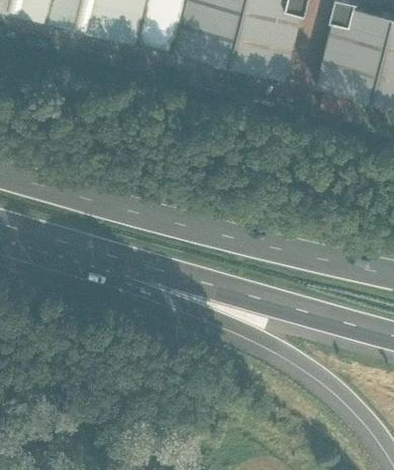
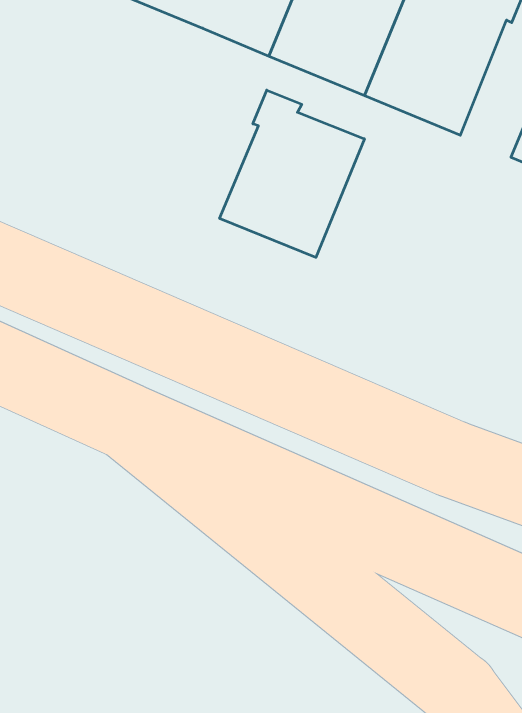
building: none -> [220,90,364,257]

